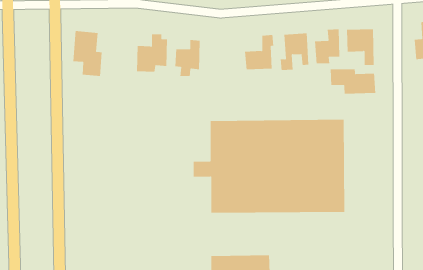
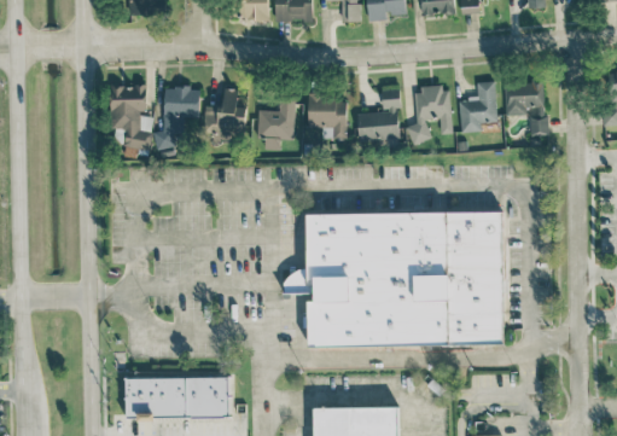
building: none -> [155,87,199,147]
building: none -> [308,94,348,138]
building: [330,68,376,95] -> none
building: none -> [126,377,231,422]

